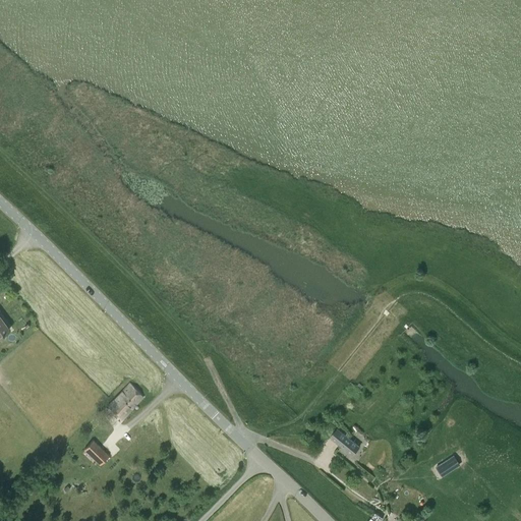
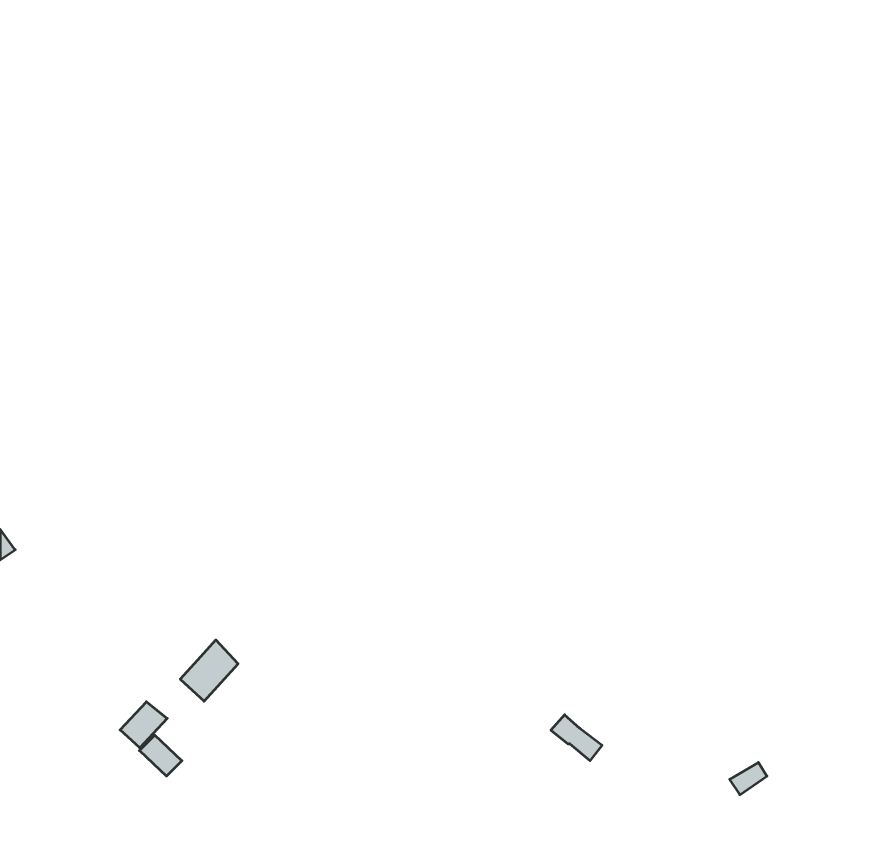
building: none -> [120,702,167,748]

